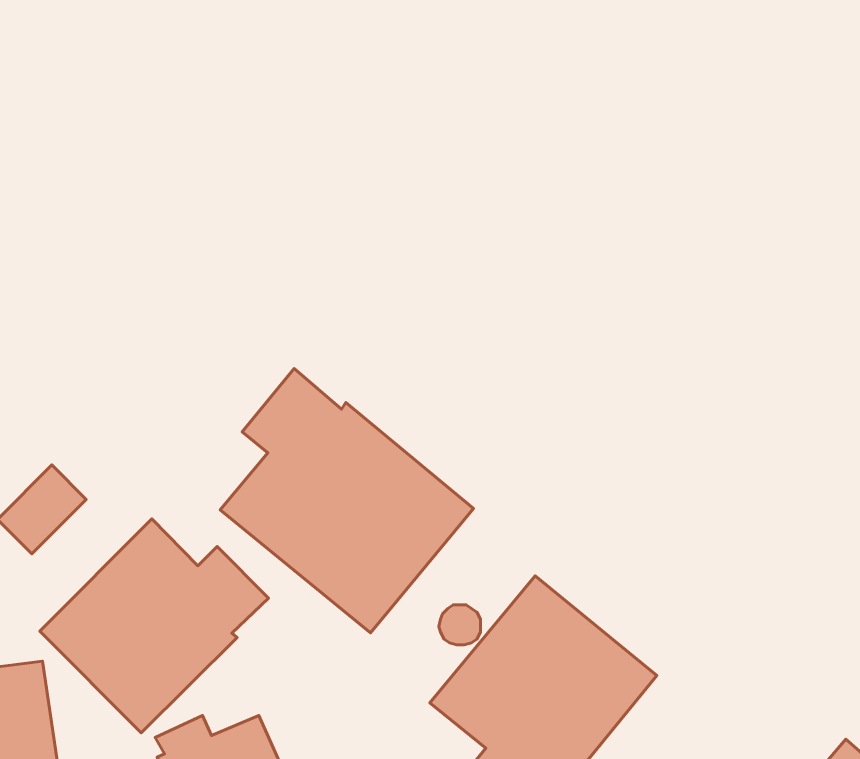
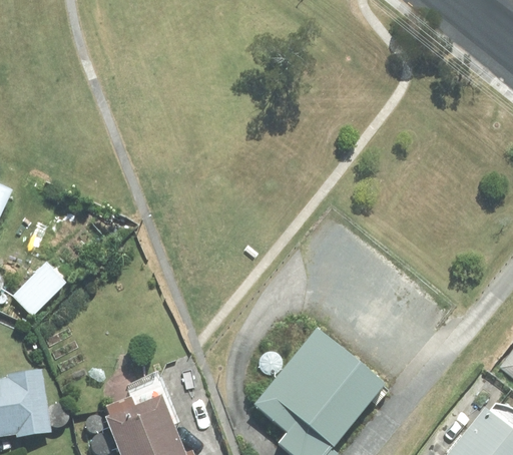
building: [220,368,474,633] -> none
building: [40,519,269,733] -> none

